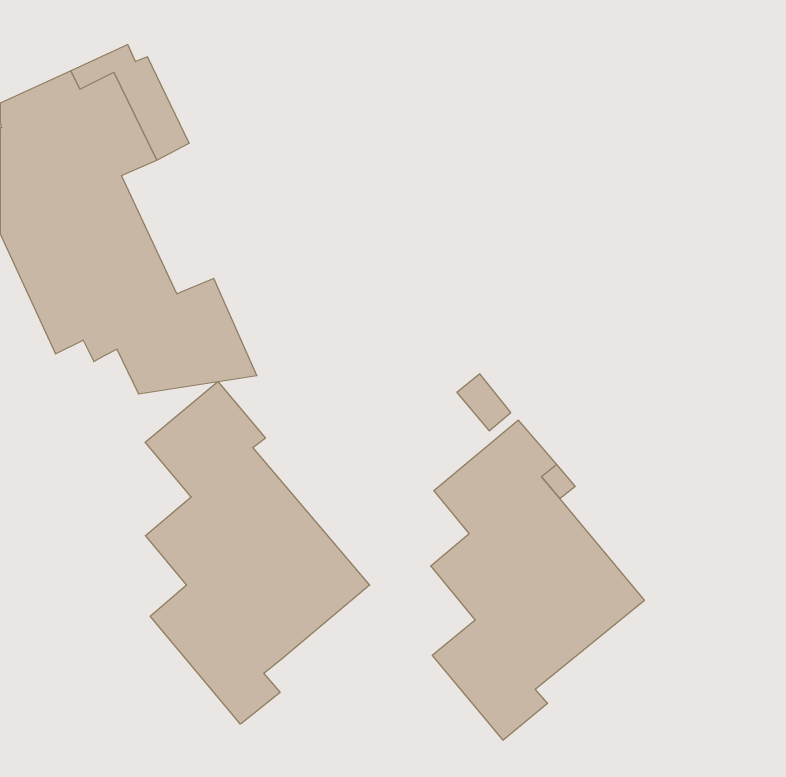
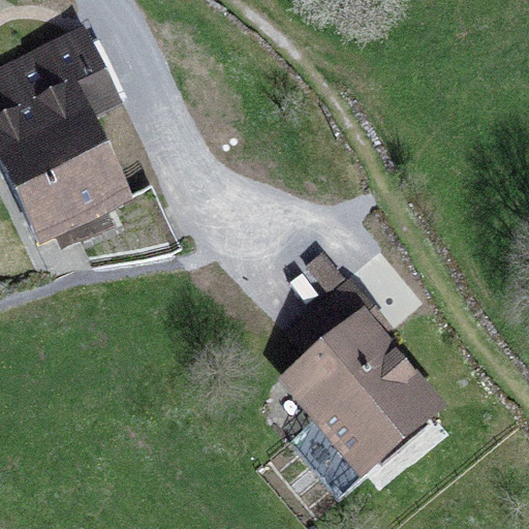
building: [145,382,370,724] -> none

